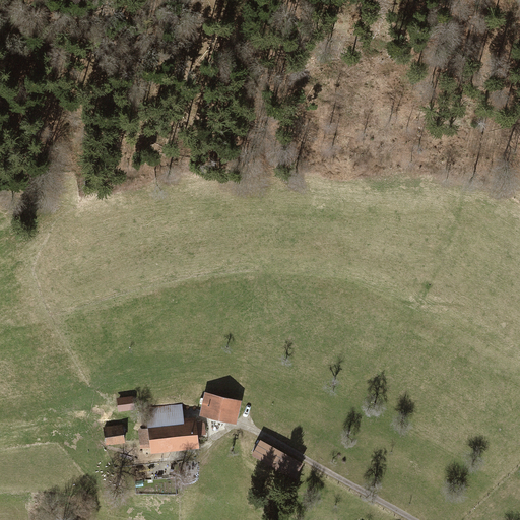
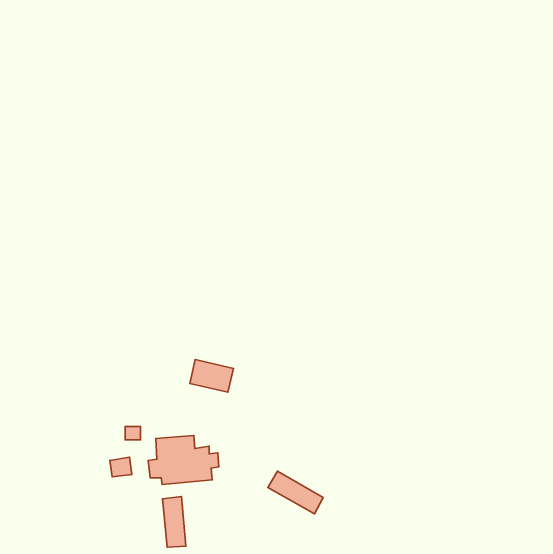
building: [199,393,240,424] -> [190,360,233,392]
building: none -> [162,497,186,547]

